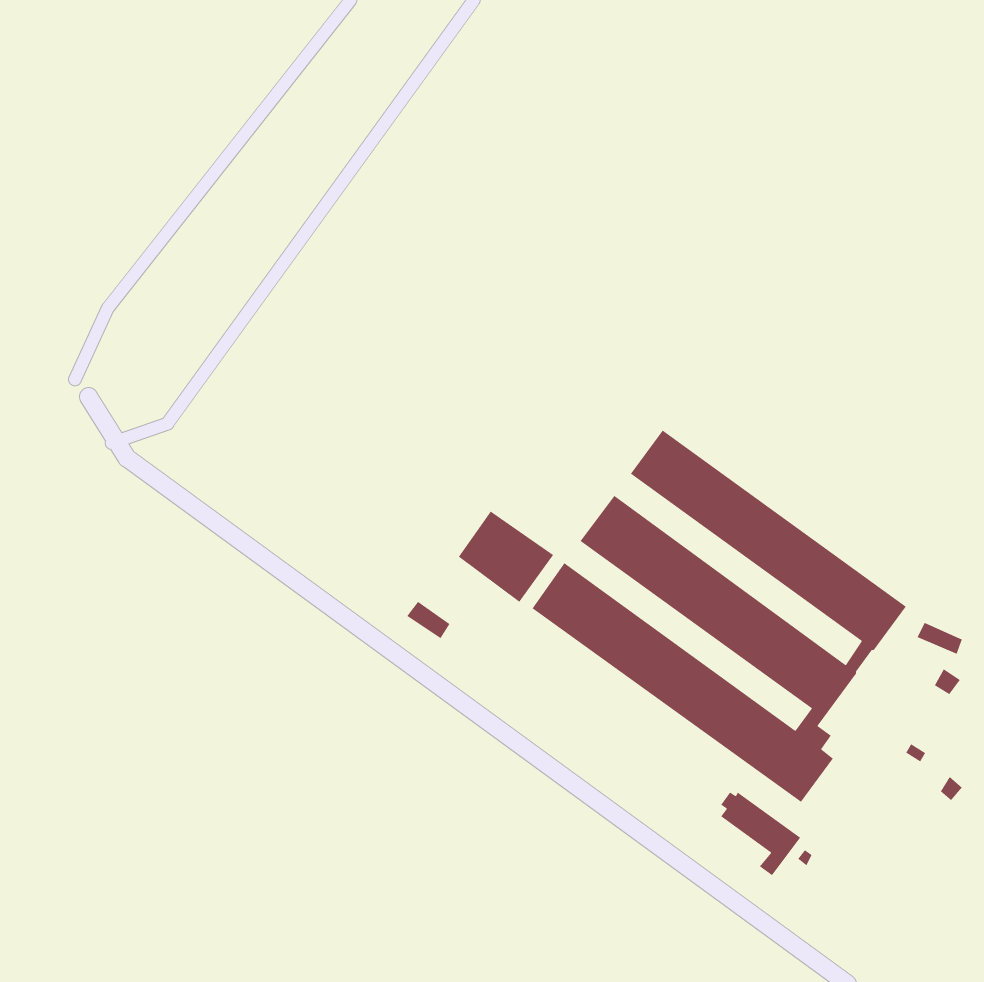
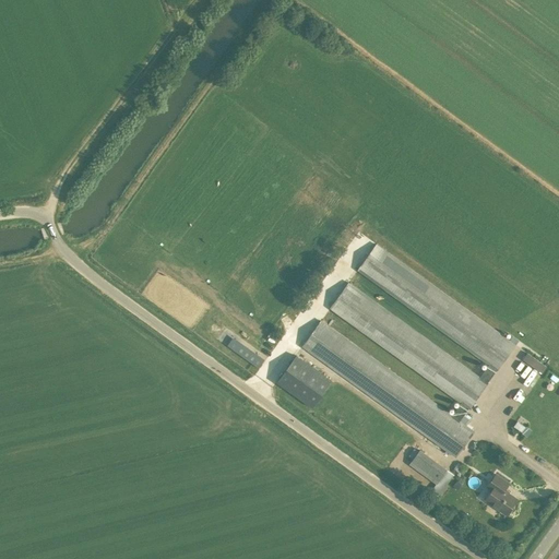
building: [458,511,554,603] -> [277,357,332,409]
building: none -> [484,475,515,514]

